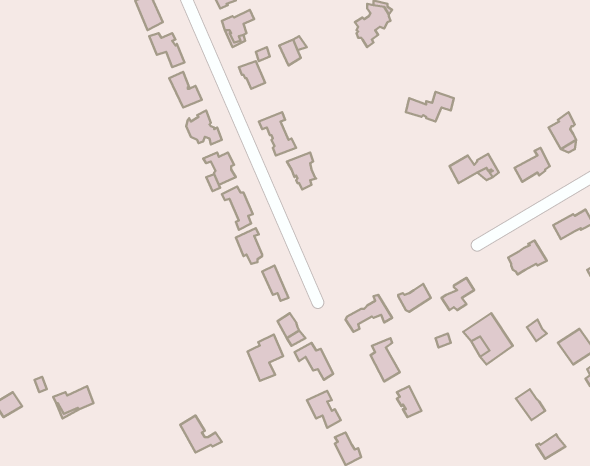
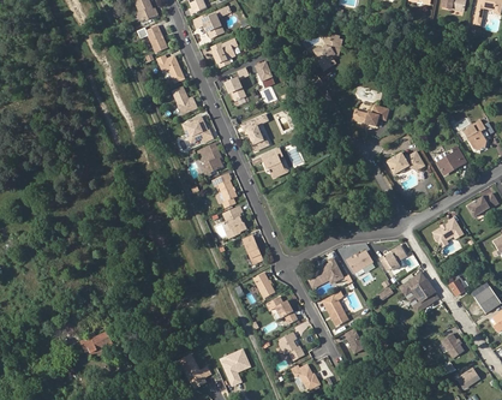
building: [247,335,283,381] -> [221,347,249,383]

